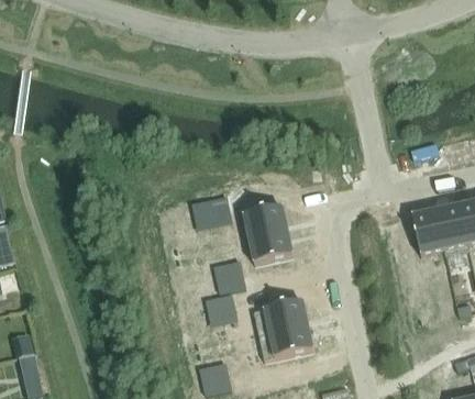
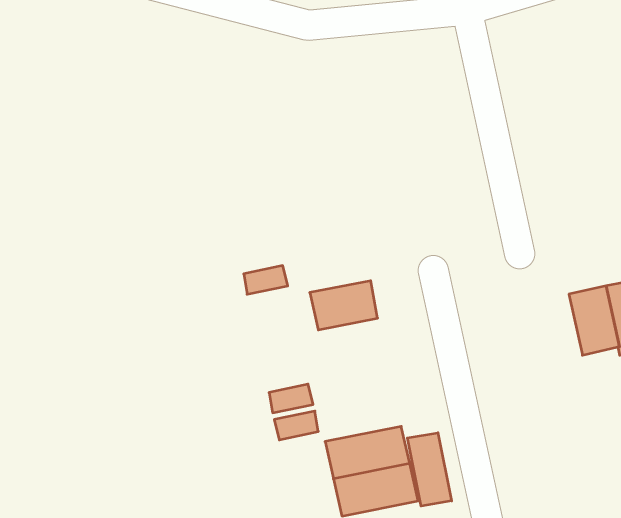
building: [248,231,292,264] -> none
building: none -> [407,433,452,506]

